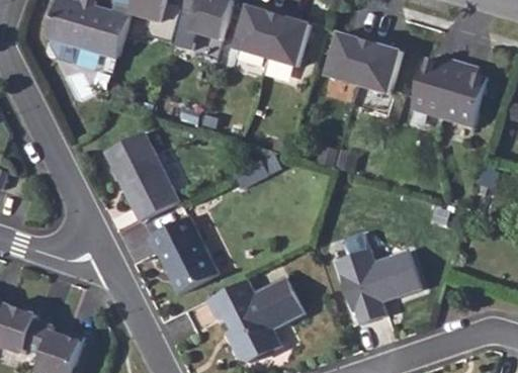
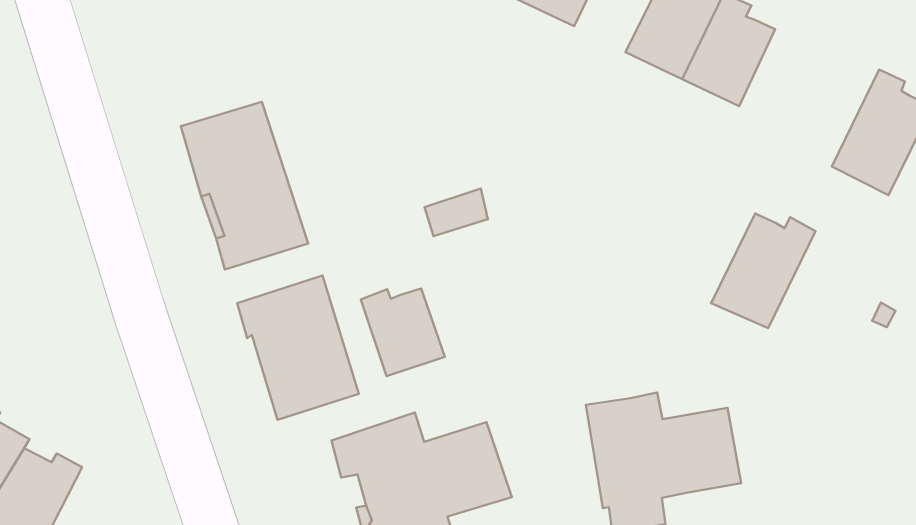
building: [409,59,456,117] -> [711,214,816,328]
building: none -> [361,289,445,376]

